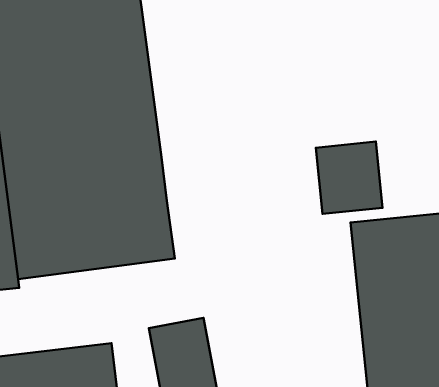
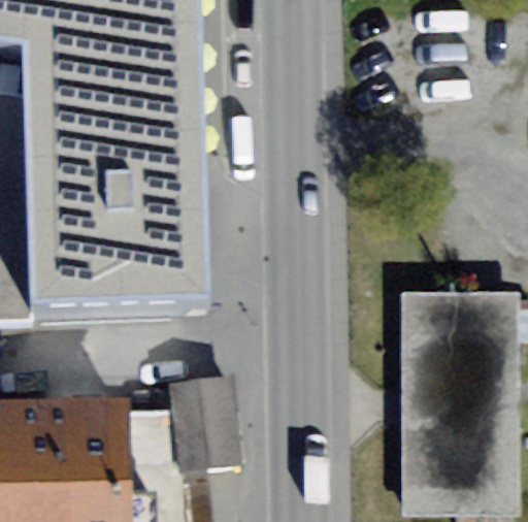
building: [316,142,383,214] -> none

